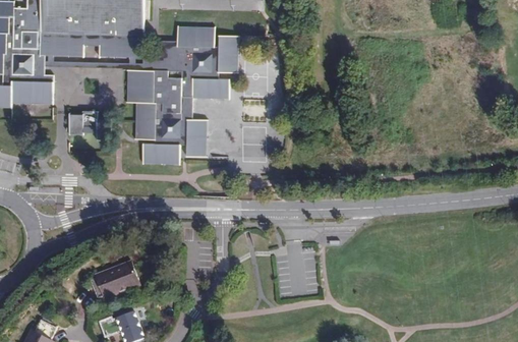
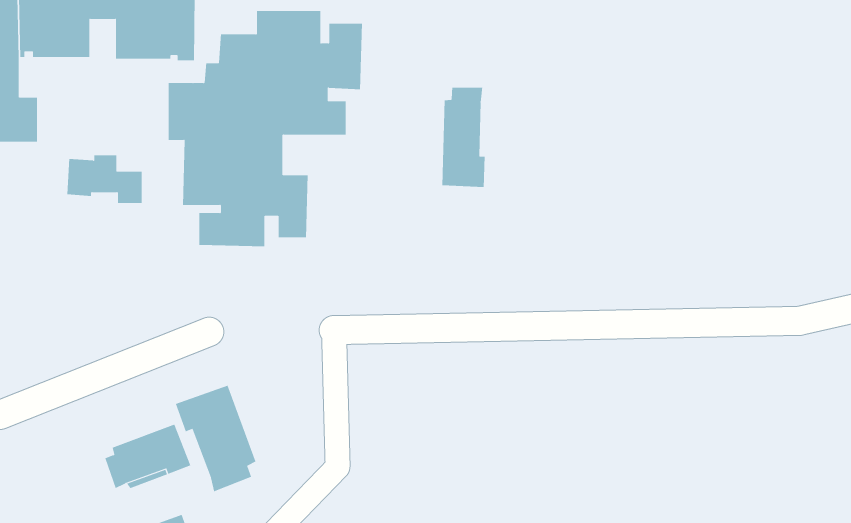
building: none -> [442,87,485,188]
building: none -> [175,385,256,492]

